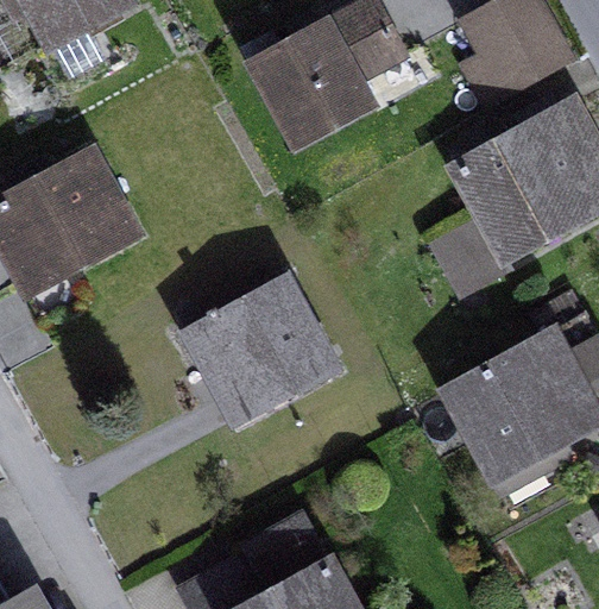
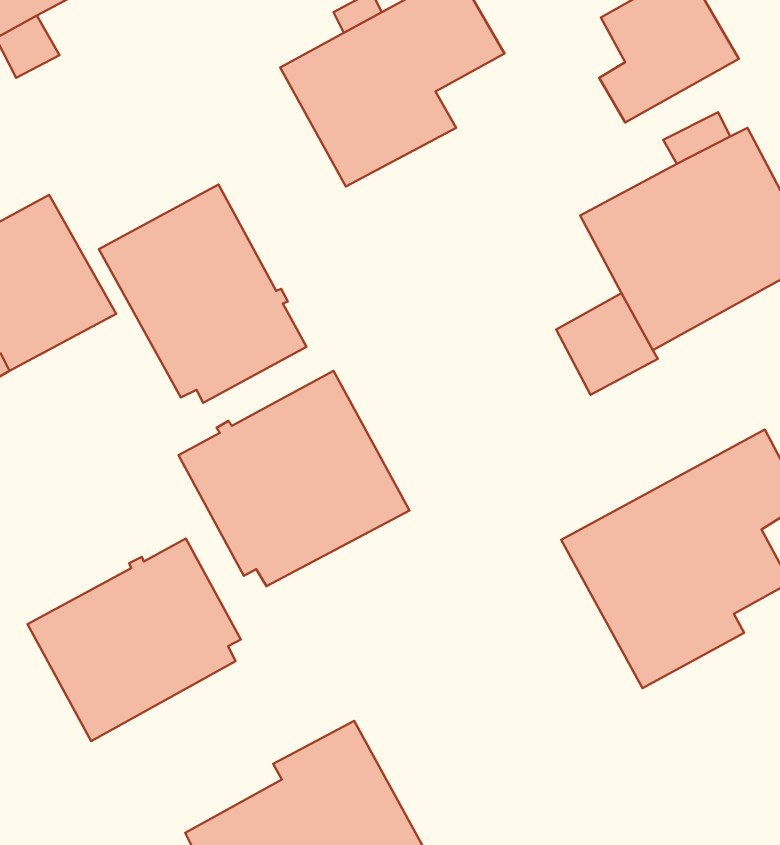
building: none -> [99,184,306,403]
building: none -> [28,539,241,741]

